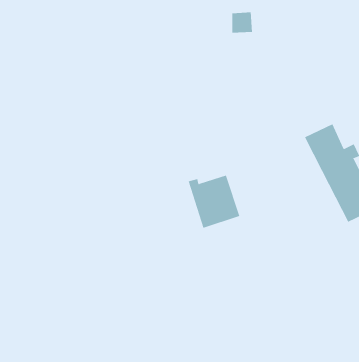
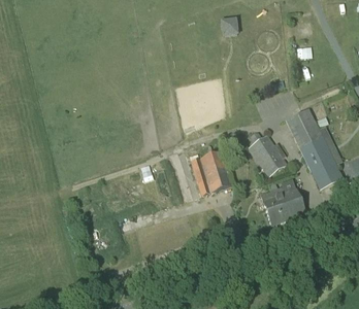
building: none -> [249,134,287,174]
building: none -> [260,185,305,225]

